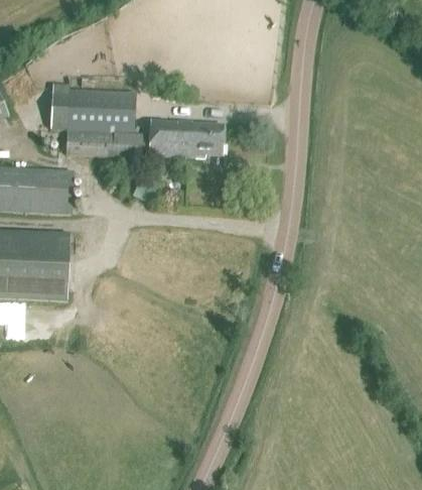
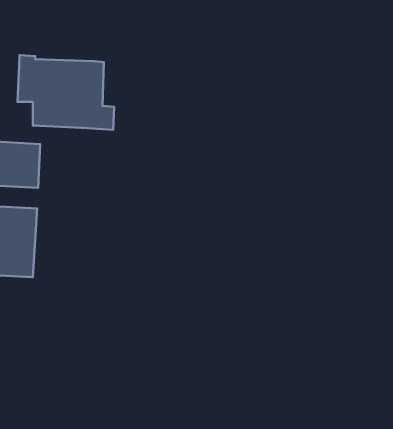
building: [147,118,223,156] -> none

